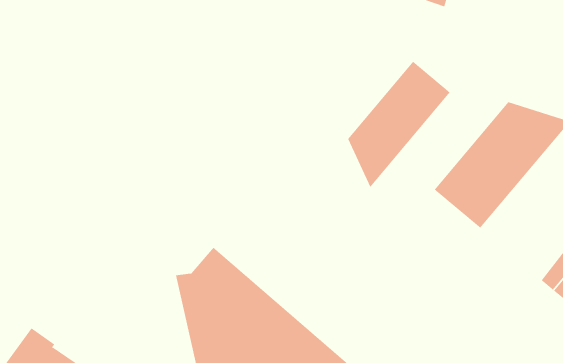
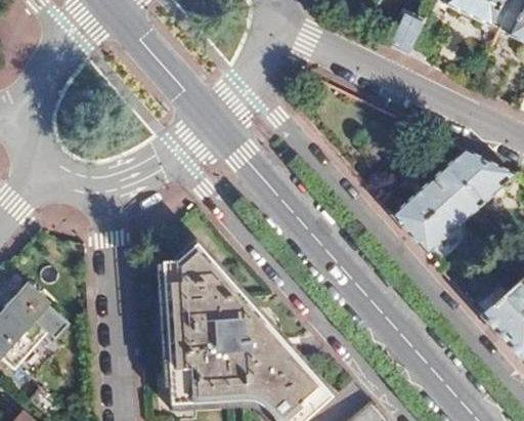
building: [348,61,450,188] -> none

